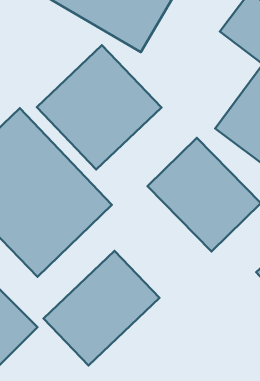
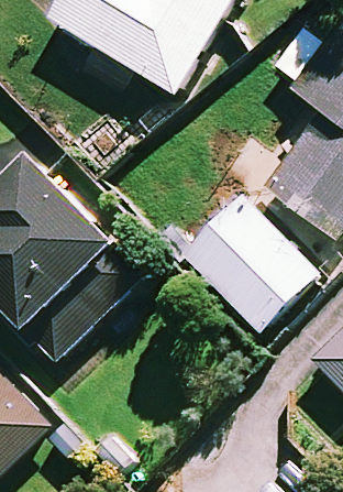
building: [37,45,161,169] -> none
building: [44,251,159,366] -> none

